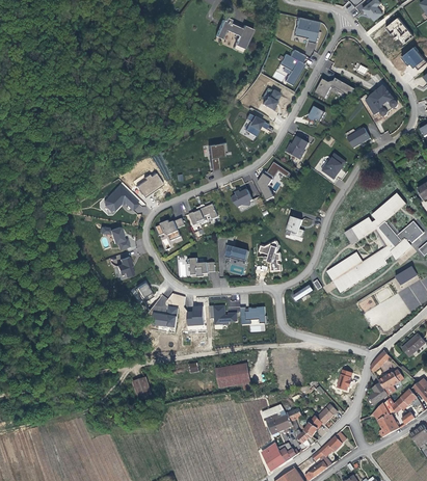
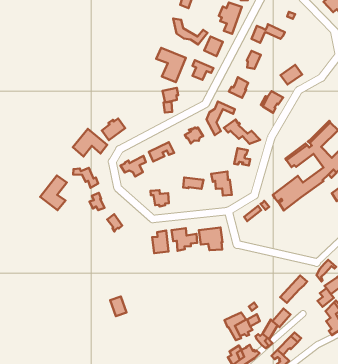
building: none -> [173,19,208,44]
building: [365,85,397,115] -> none
building: none -> [156,48,186,82]
building: none -> [224,119,260,144]
building: none -> [40,175,67,210]
building: [151,304,177,327] -> none
building: [214,364,248,389] -> none

